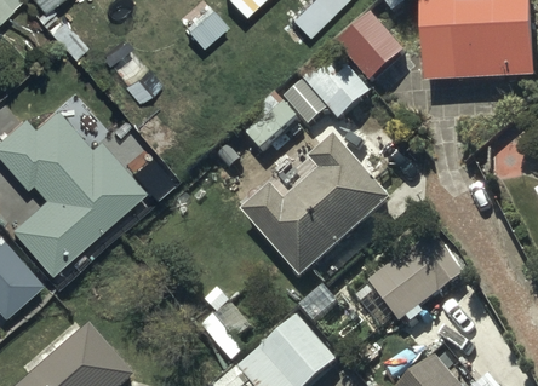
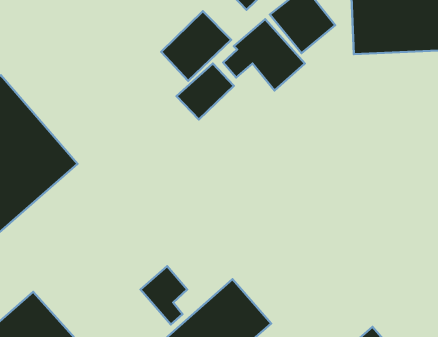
building: none -> [161,11,231,81]
building: [240,134,389,277] -> none
building: [367,234,462,321] -> none

